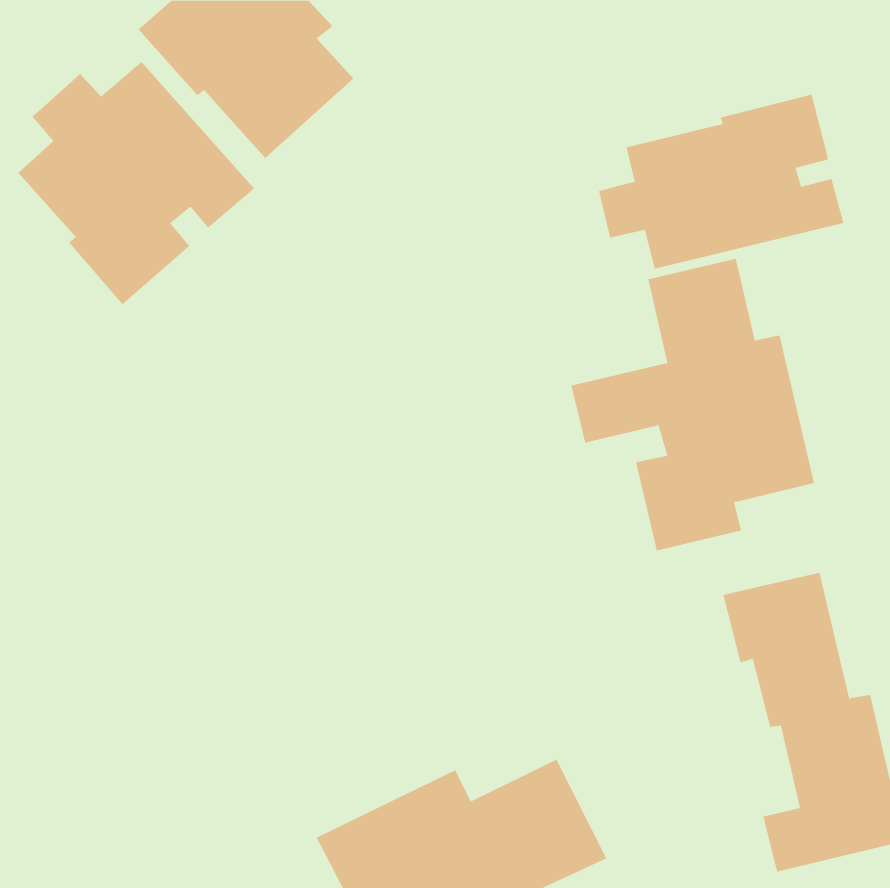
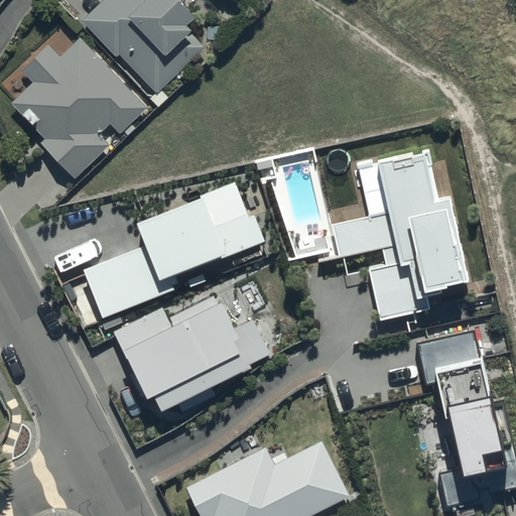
building: [598,94,844,269] -> none
building: none -> [82,180,265,316]
building: none -> [121,303,247,408]

